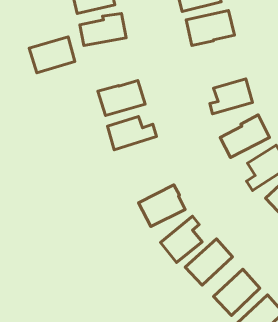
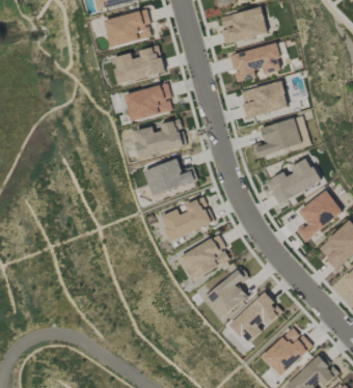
building: [29,37,75,73] -> [123,83,172,122]
building: none -> [239,81,288,119]
building: none -> [161,196,210,242]

